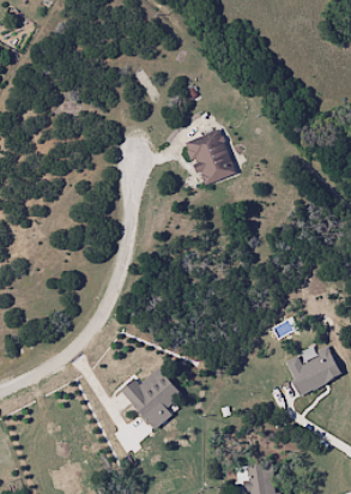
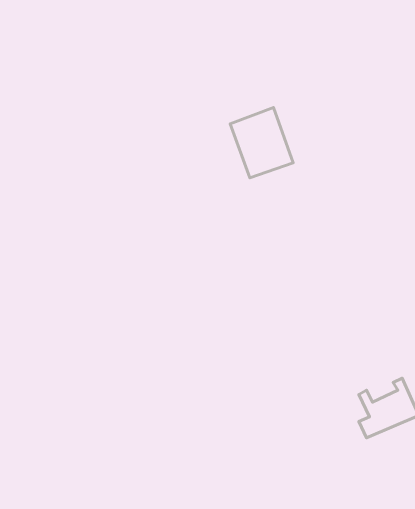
building: [123,367,181,429] -> none

